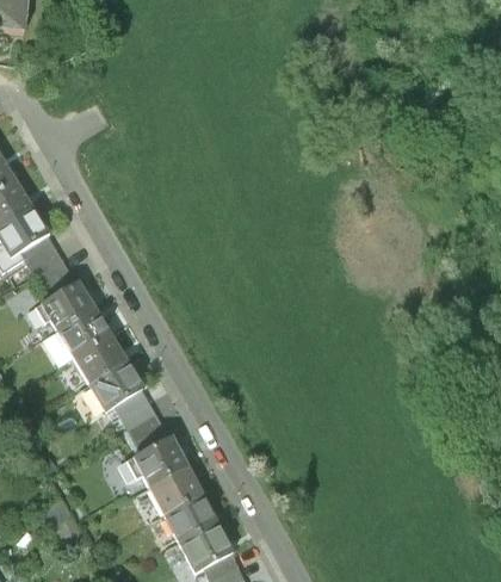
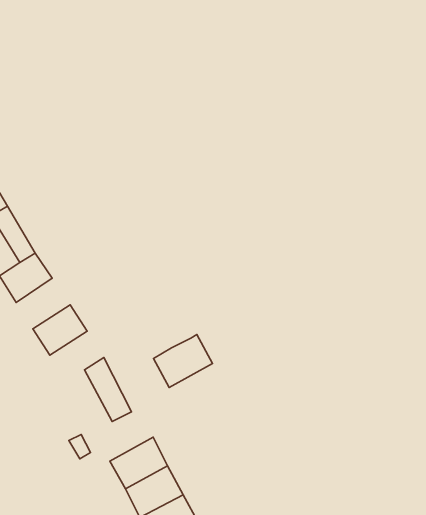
building: [54,305,107,355] -> none
building: [87,358,141,408] -> none
building: [131,434,190,487] -> [154,335,212,387]

